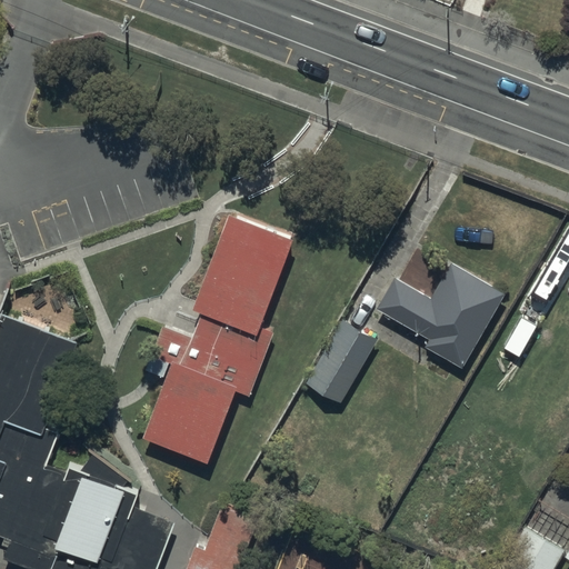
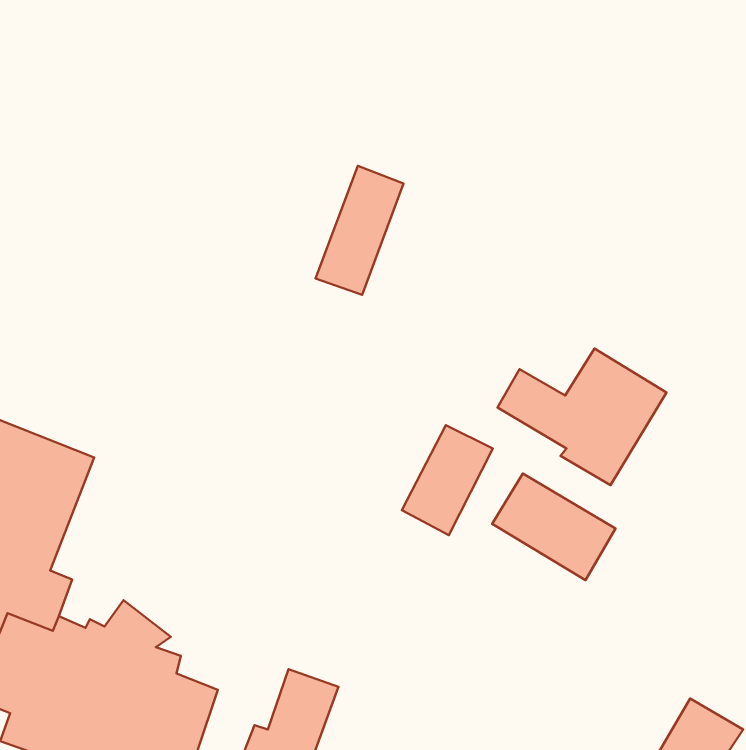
building: none -> [315,166,404,295]
building: [142,214,295,466] -> none
building: none -> [492,474,615,580]

